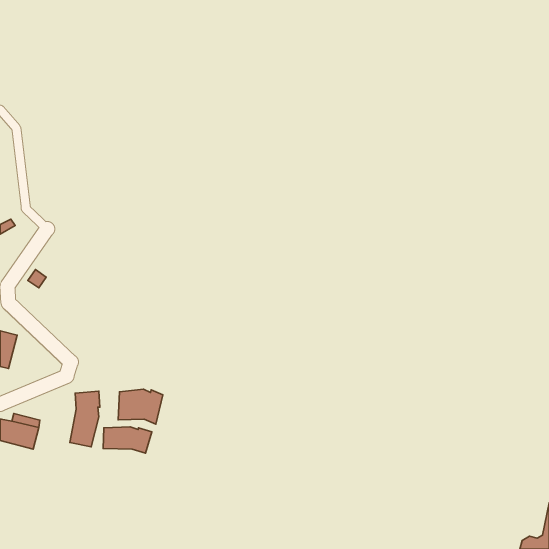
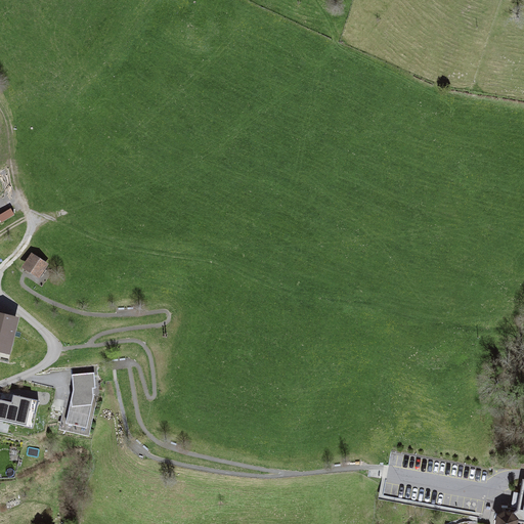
building: [118,389,163,424] -> none
building: [103,427,152,453] -> none

